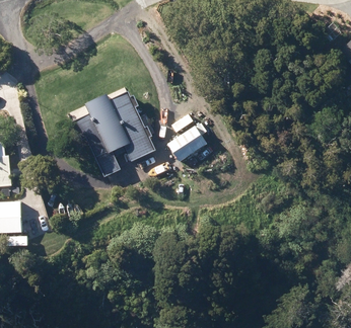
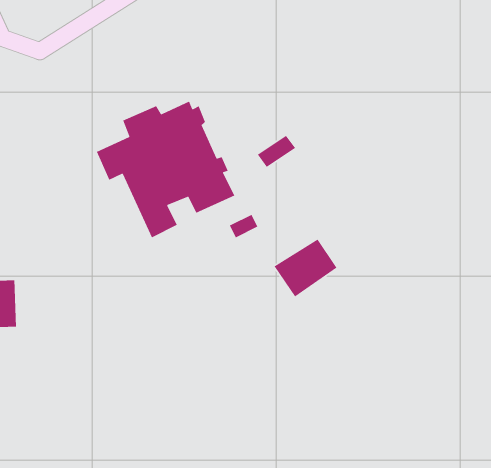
building: [166,125,206,161] -> [273,238,337,298]

